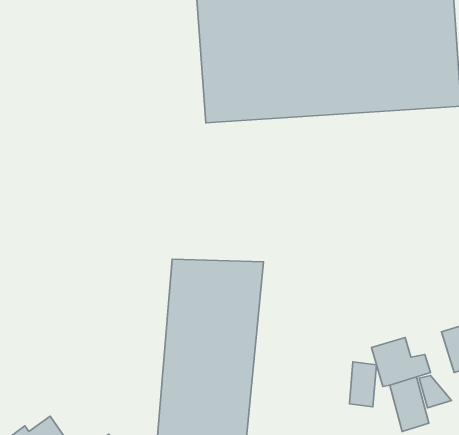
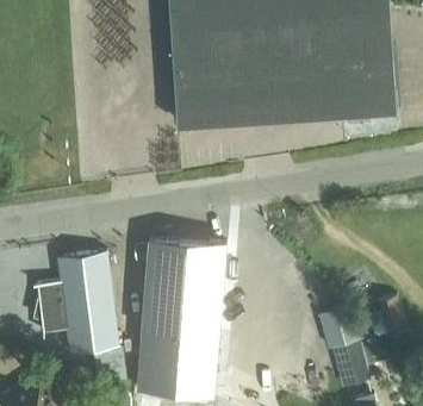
building: none -> [37,251,125,383]
building: [349,362,376,407] -> none

